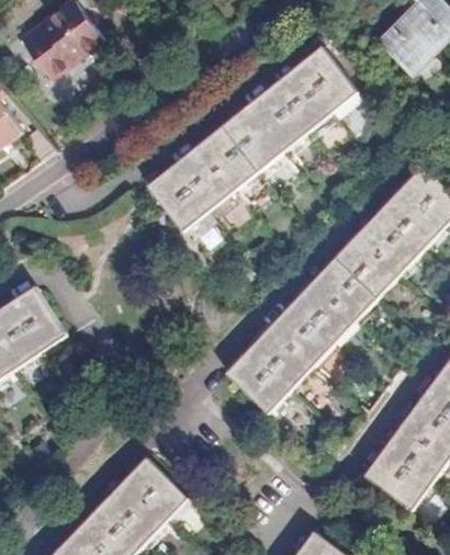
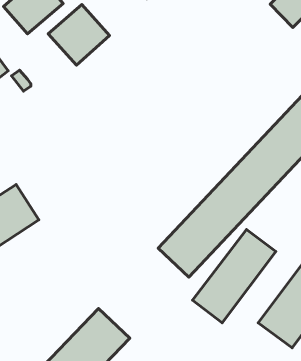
building: none -> [48,4,109,65]
building: [147,47,359,230] -> none
building: none -> [192,229,276,323]

